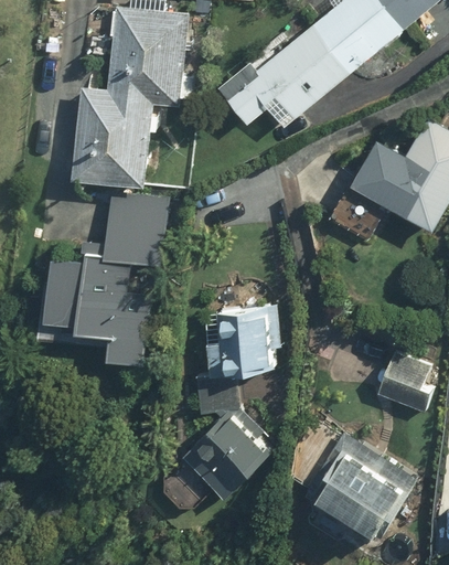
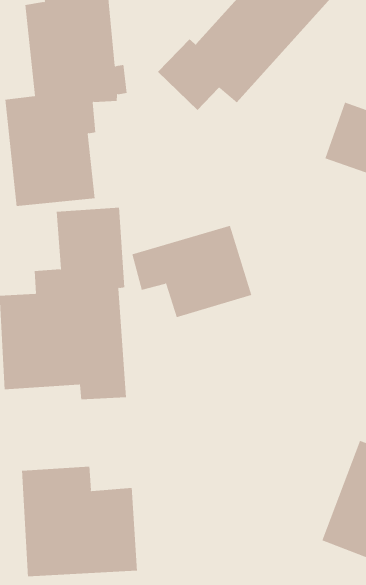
building: [184,307,284,380] -> [131,225,252,318]
building: [159,406,267,514] -> none
building: none -> [21,466,137,577]

